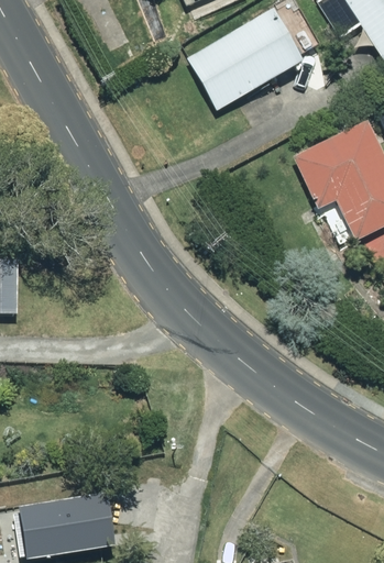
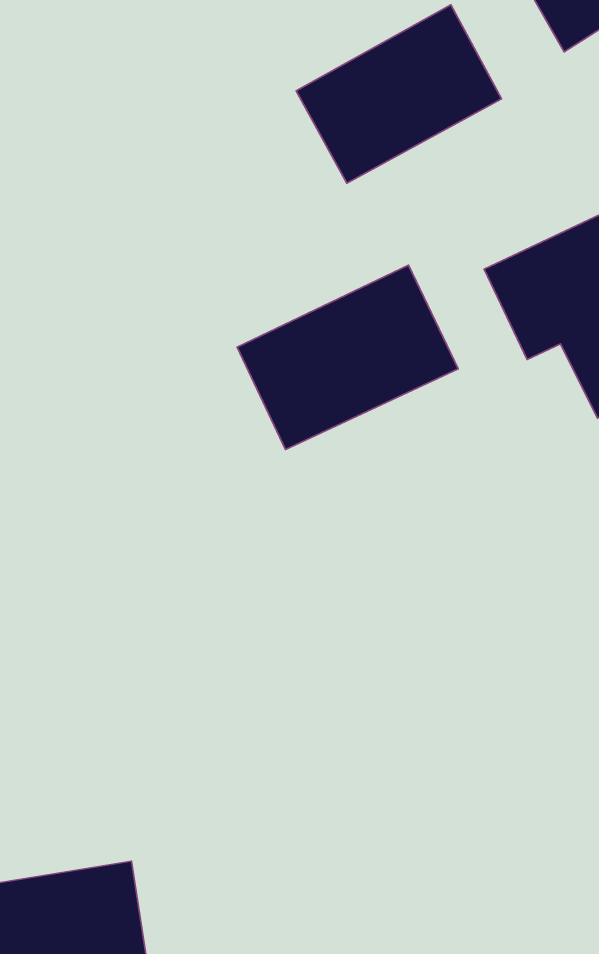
building: none -> [237,265,458,450]

